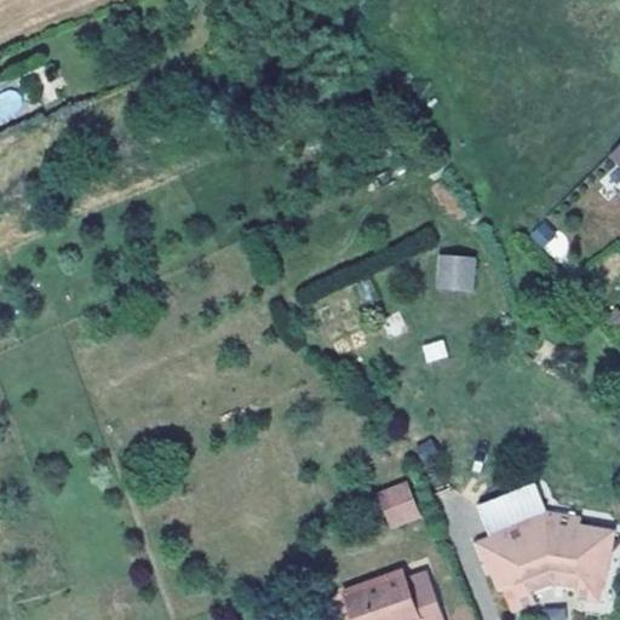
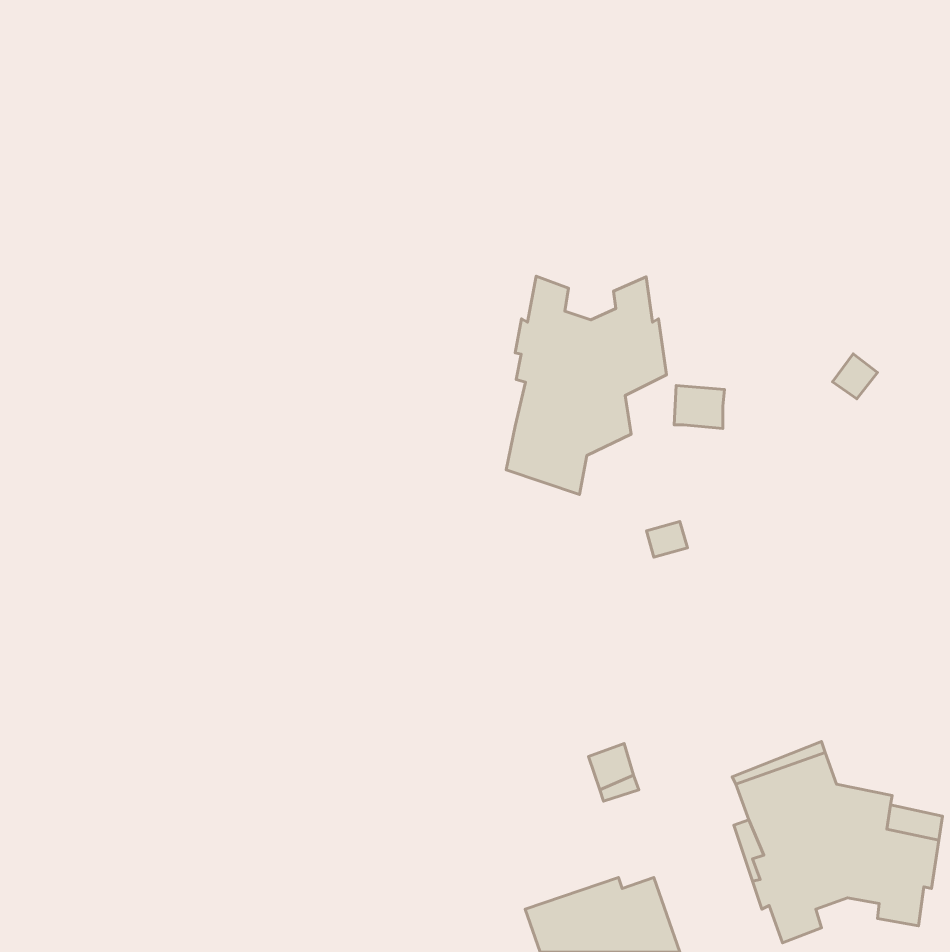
building: none -> [506,276,667,494]

